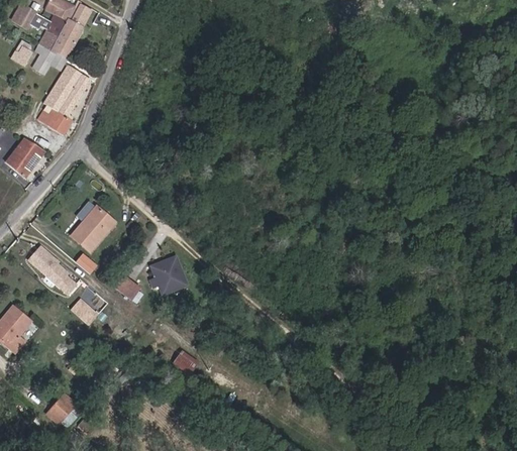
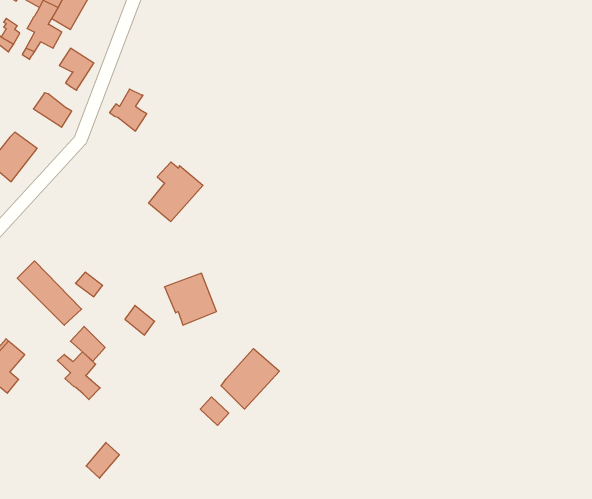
building: [44,83,75,117] -> [110,89,147,131]
building: [72,204,116,252] -> [149,162,203,221]
building: none -> [221,349,279,409]
building: none -> [57,352,100,400]
building: [50,394,78,424] -> [86,442,119,478]

